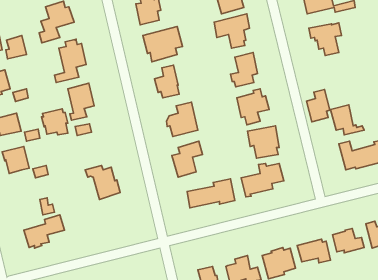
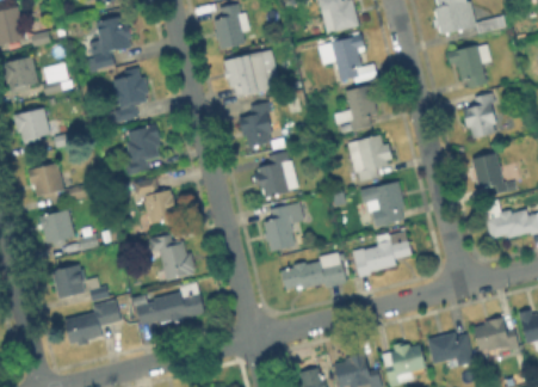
building: [306,90,330,122] -> [465,93,496,136]
building: [42,109,68,135] -> [144,191,179,226]
building: none -> [52,265,85,300]
building: none -> [135,282,204,324]

